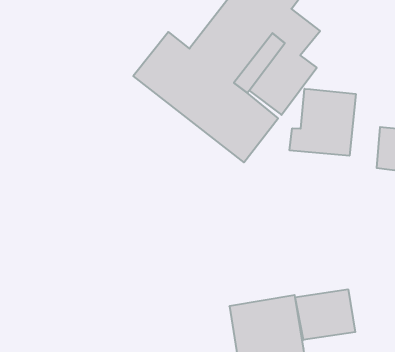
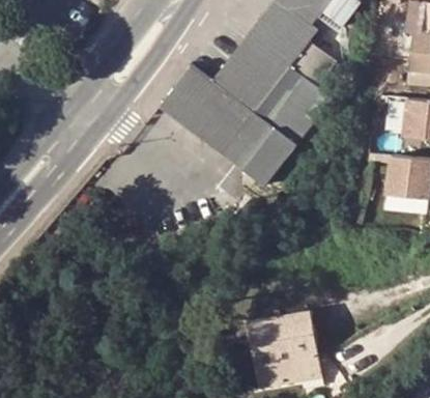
building: [290,89,356,156] -> none
building: [295,289,355,340] -> none

